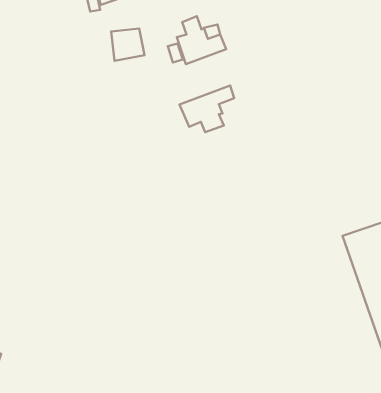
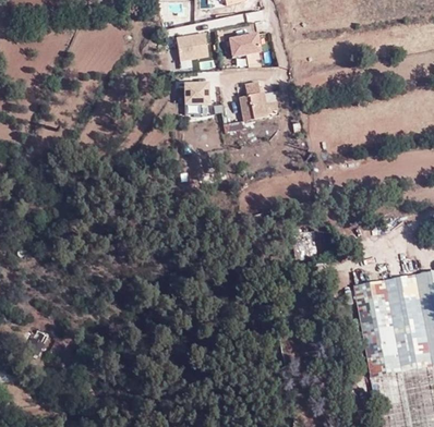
building: [180,85,234,132] -> none

